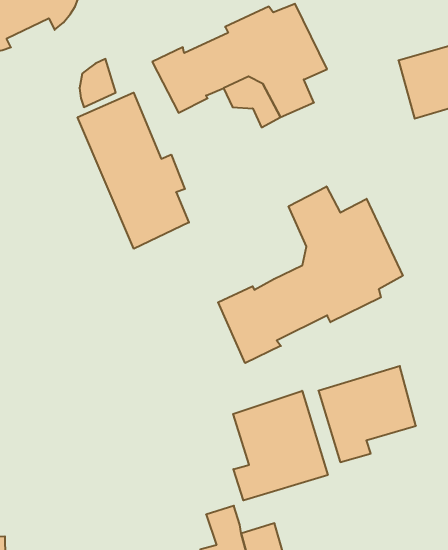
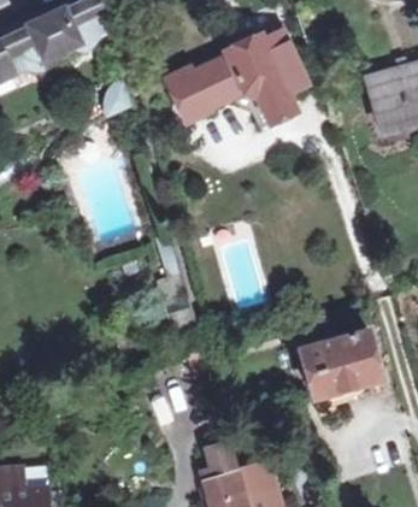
building: [78,93,189,249] -> none
building: [218,186,403,363] -> none
building: [233,391,328,500] -> none

